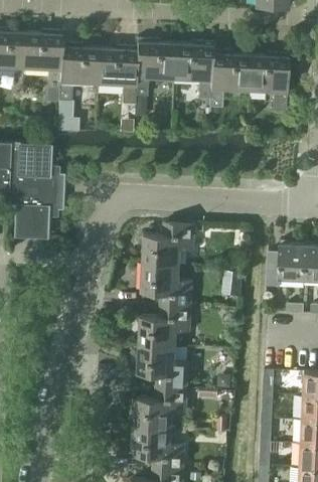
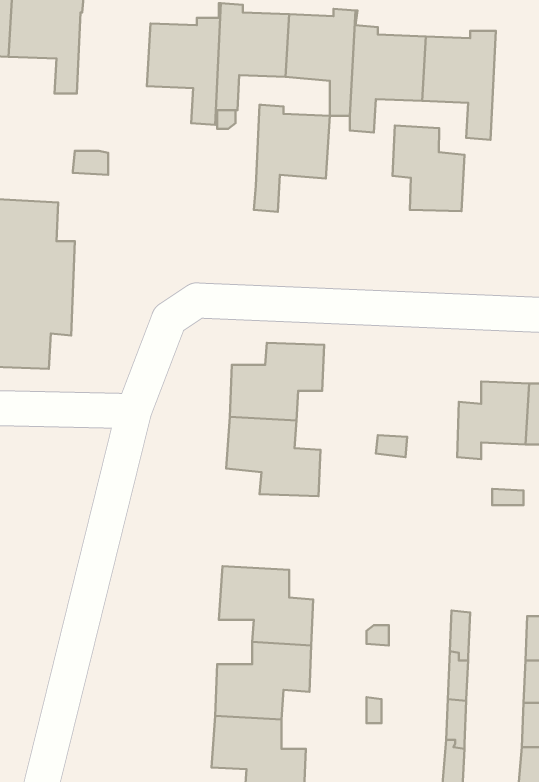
building: [59,43,101,102] -> [254,105,330,212]
building: none -> [392,126,464,211]
building: [140,306,192,347] -> none

